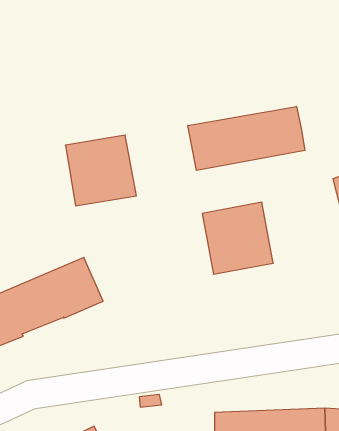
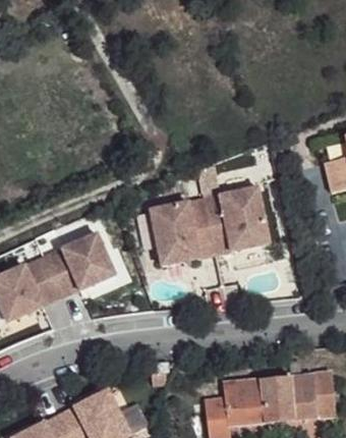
building: [188,106,305,170] -> none
building: [65,135,136,206] -> [152,198,216,262]

